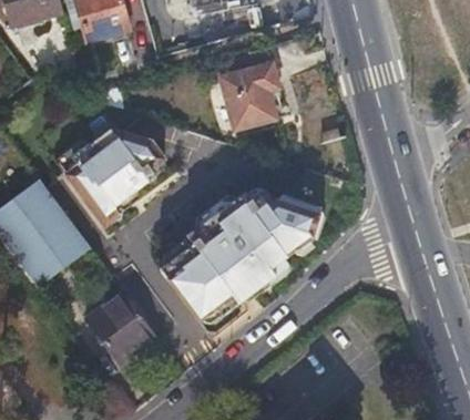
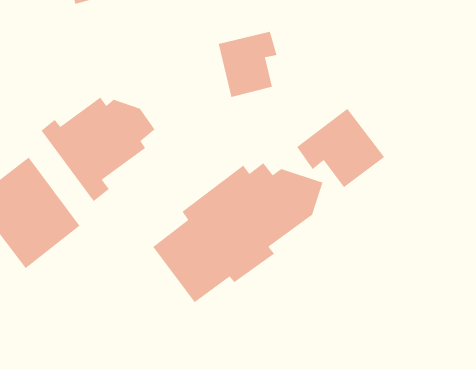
building: none -> [296,108,385,188]
building: [92,293,159,365] -> none

